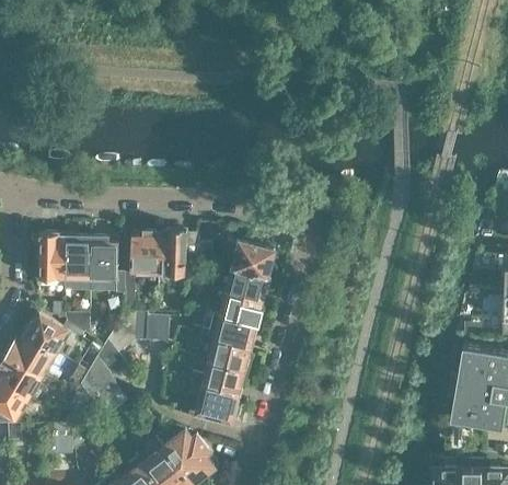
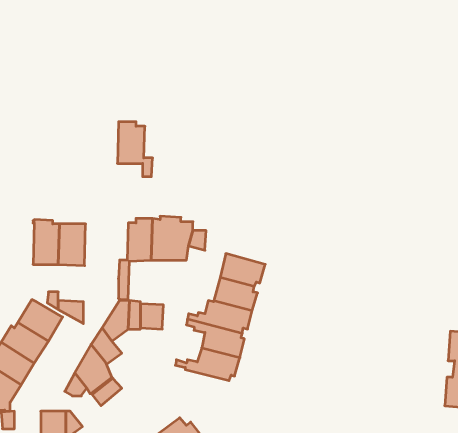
building: [90,238,125,292] -> [117,122,153,177]
building: [231,240,275,278] -> none
building: [185,382,236,424] -> none

